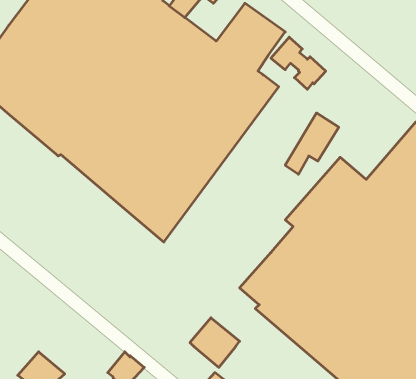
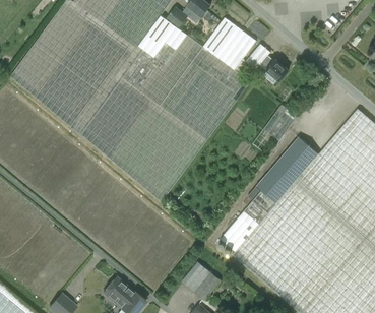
building: none -> [103,276,131,305]

